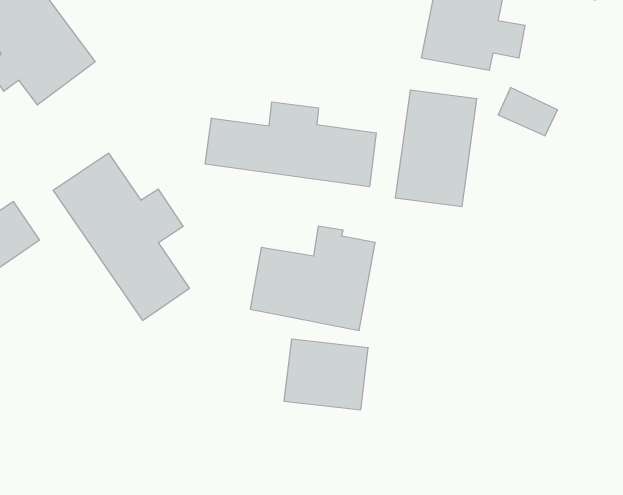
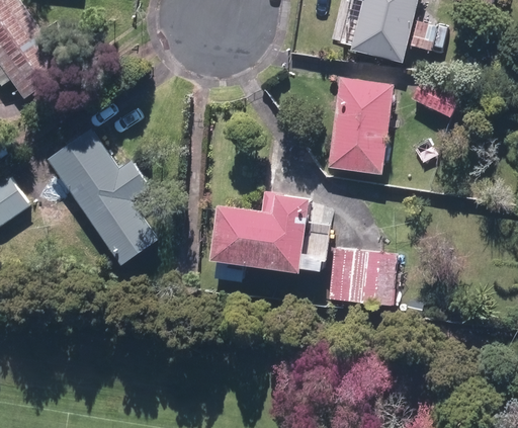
building: [205,102,376,187] -> none
building: [284,339,368,410] -> [329,247,398,305]

